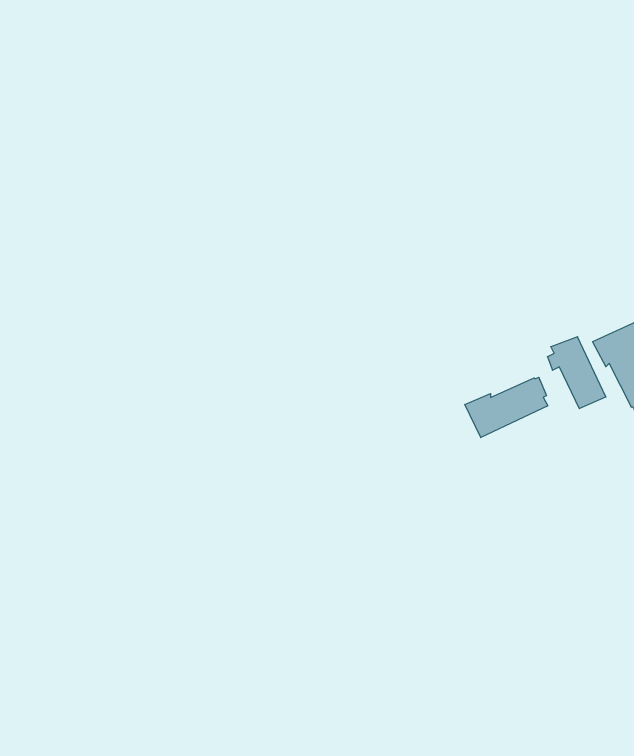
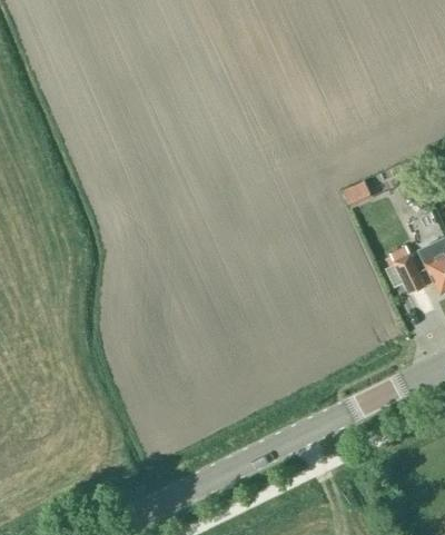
building: [465,377,548,438] -> none

